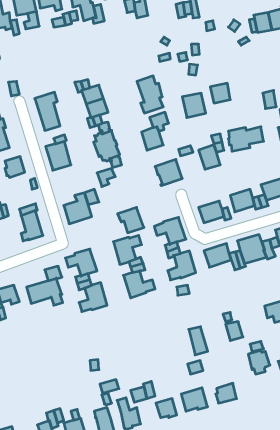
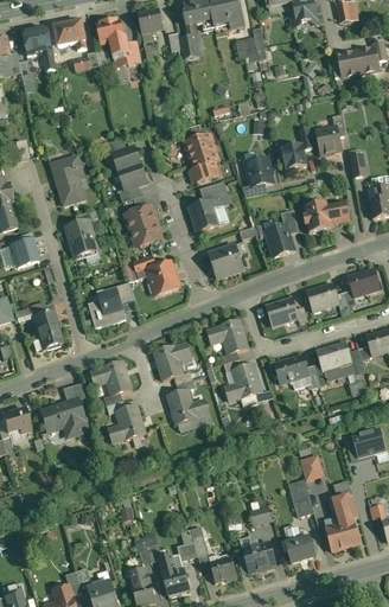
building: none -> [315,124,343,156]
building: [118,207,144,233] -> [146,261,180,294]
building: [189,327,208,355] -> [289,480,314,517]
building: none -> [326,520,361,551]

